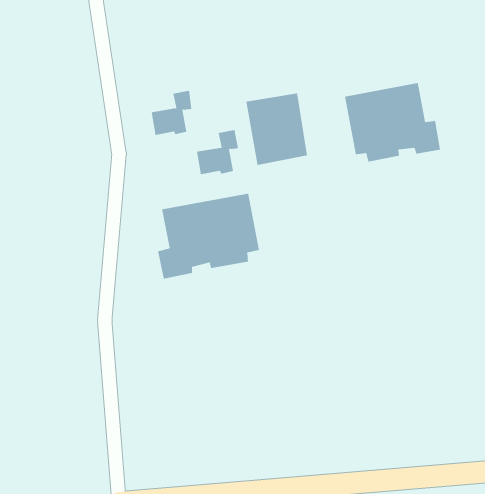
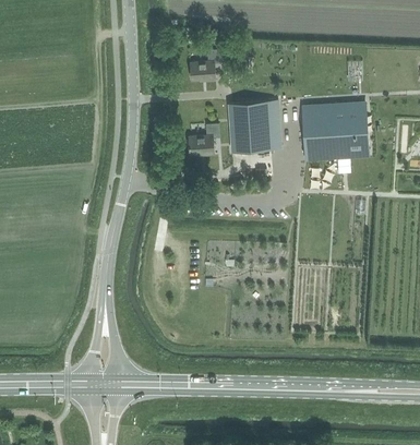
building: [151,90,192,135] -> [191,49,221,81]
building: [157,193,259,279] -> none

